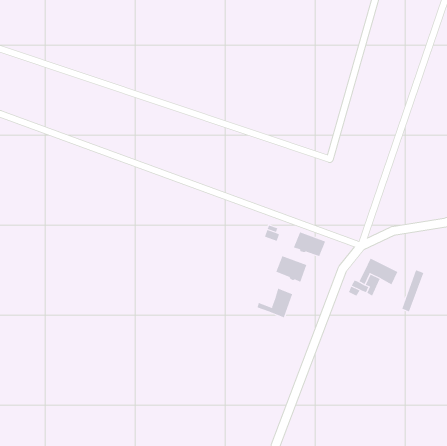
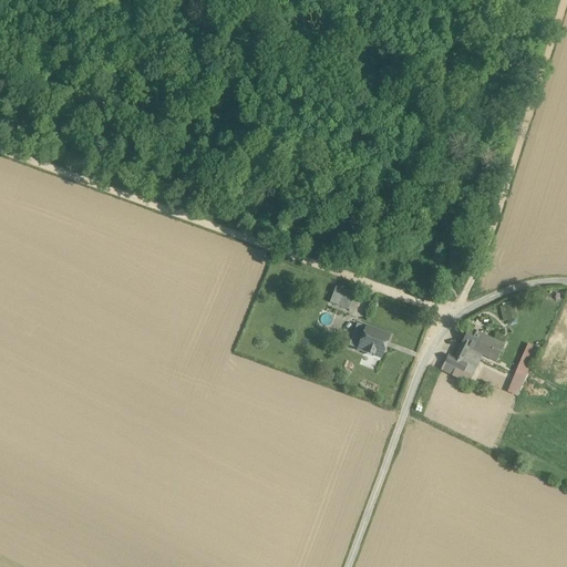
building: [293,231,326,257] -> none
building: [257,288,293,318] -> none

